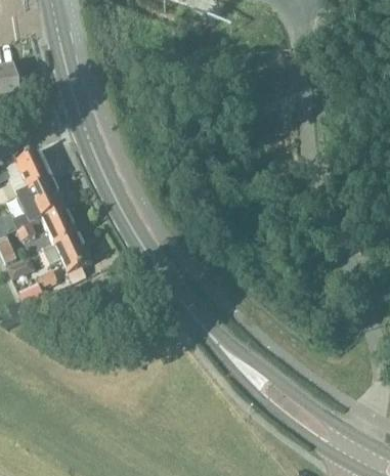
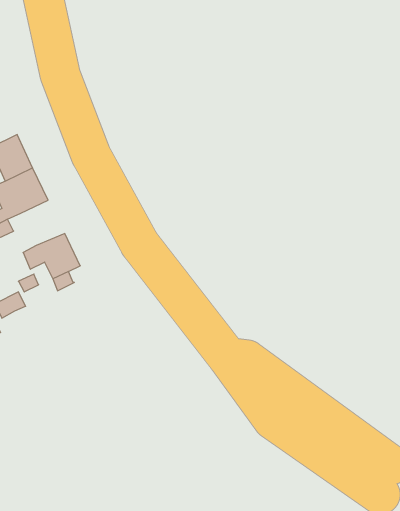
building: [40,205,78,244] -> none

